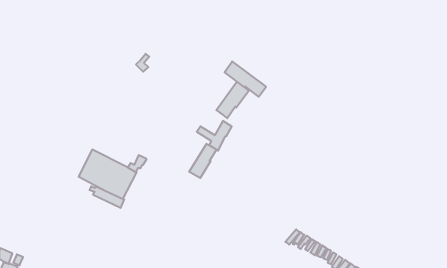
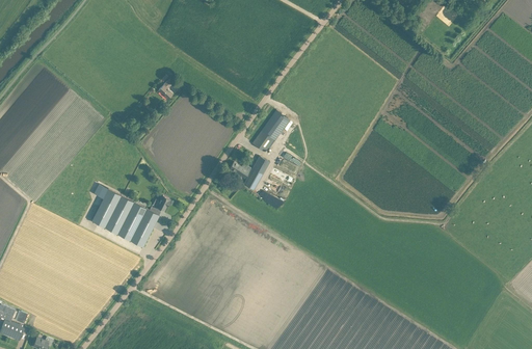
building: [225,61,266,97] -> none
building: [189,144,217,178] -> none

